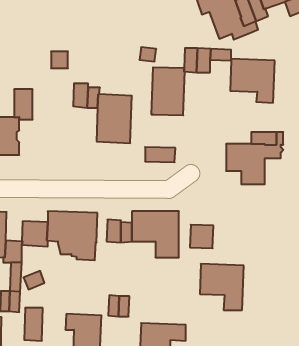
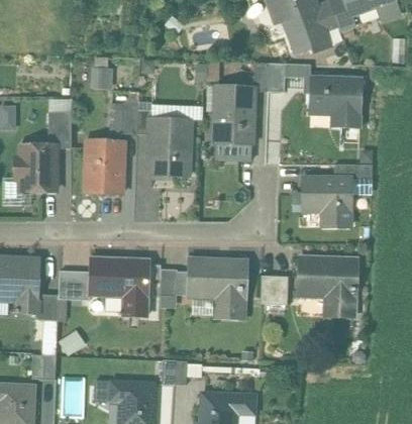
building: none -> [83,140,122,194]
building: [145,147,175,162] -> [215,142,251,161]
building: [200,264,244,310] -> [301,257,353,313]

